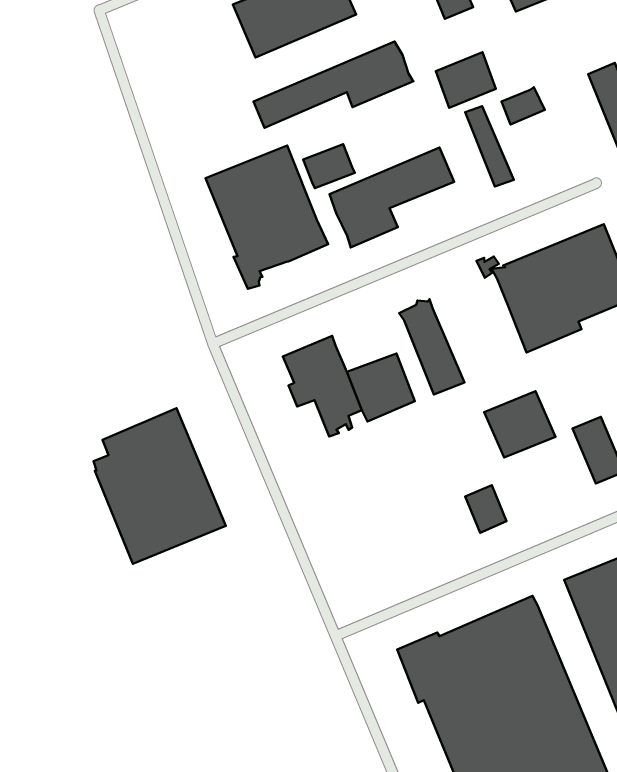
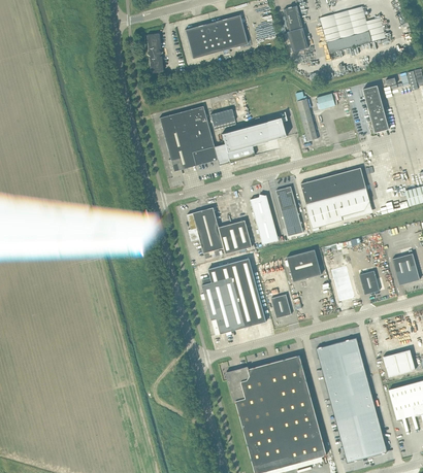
building: none -> [147,33,163,73]
building: [253,41,414,128] -> none
building: [436,52,496,108] -> none
building: none -> [275,187,303,236]
building: [93,408,226,564] -> [202,258,266,335]

